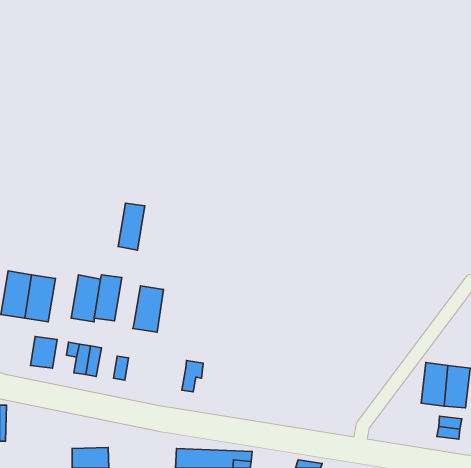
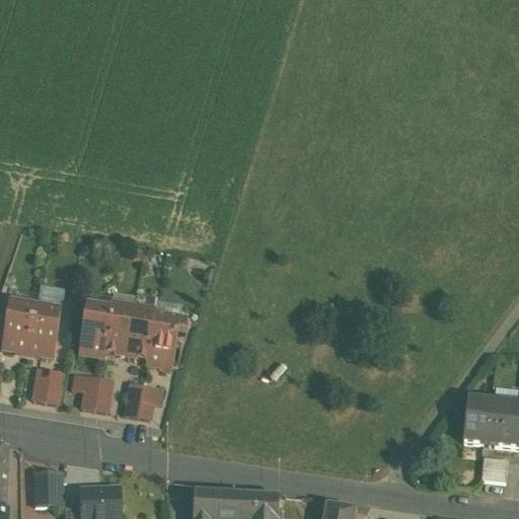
building: [118,203,145,250] -> [126,304,155,356]
building: [182,361,203,392] -> [137,384,160,419]
building: none -> [33,471,62,506]

